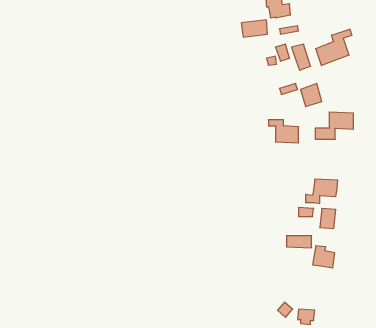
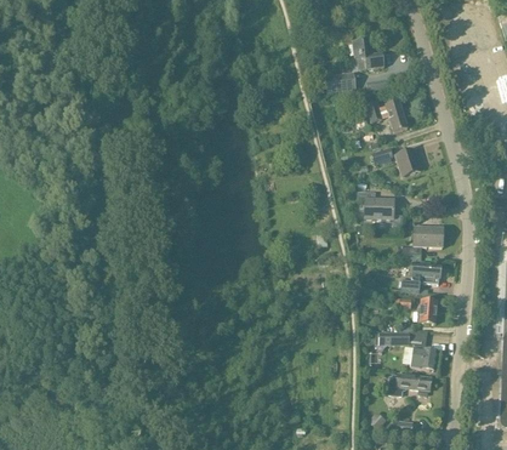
building: [316,29,352,66] -> none
building: [315,112,353,139] -> [397,227,443,260]
building: none -> [387,374,431,395]

